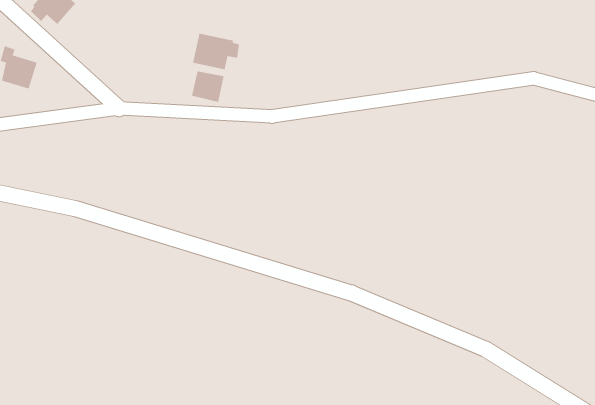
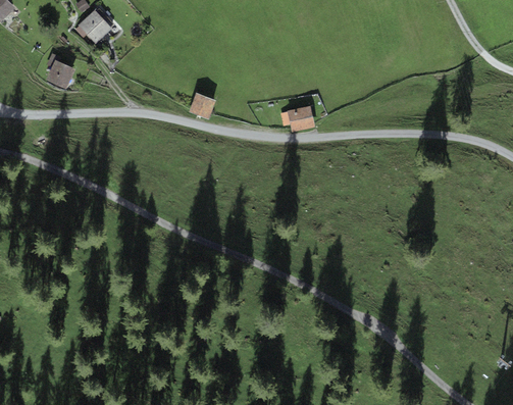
building: [193,33,240,70] -> none
building: none -> [280,106,315,132]

